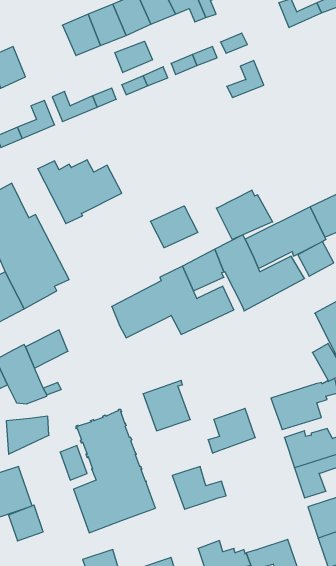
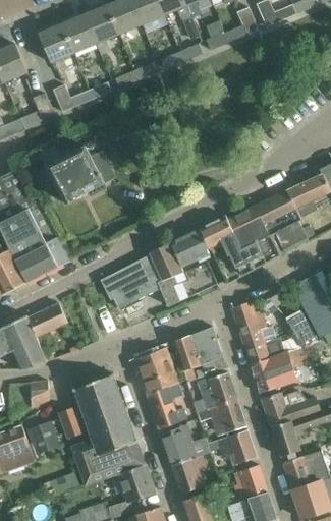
building: none -> [39,24,73,62]
building: [115,41,152,73] -> none
building: [227,61,264,98] -> [224,8,258,42]
building: [216,190,273,239] -> none
building: [150,206,198,248] -> none
building: none -> [232,300,291,363]
building: none -> [174,326,226,382]
building: none -> [147,383,190,427]
building: none -> [198,399,245,433]
building: none -> [208,429,256,463]
building: none -> [172,454,207,493]
building: [8,505,43,541] -> [27,421,59,454]
building: none -> [118,463,156,501]
building: none -> [233,466,266,501]

